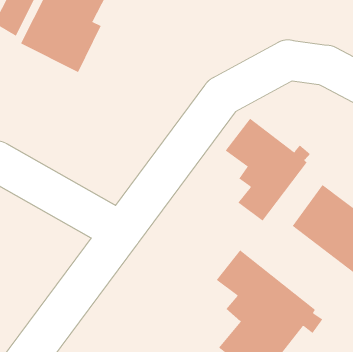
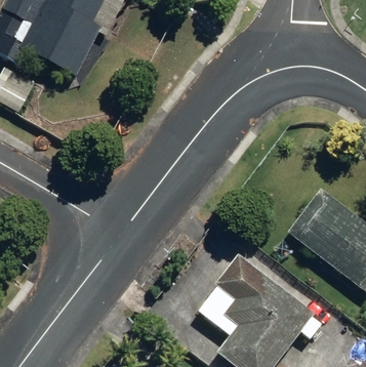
building: [225,118,311,221] -> none

